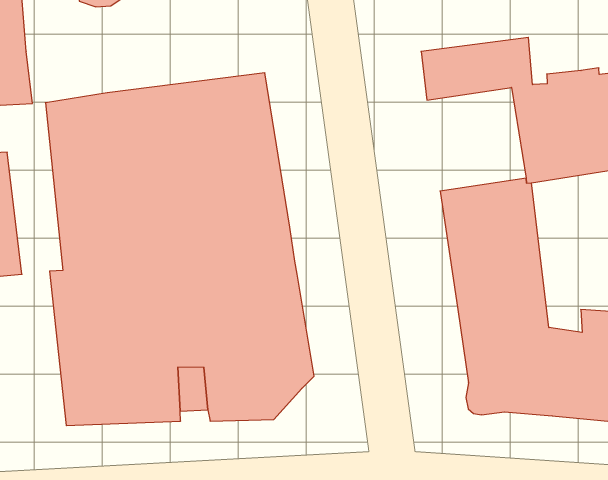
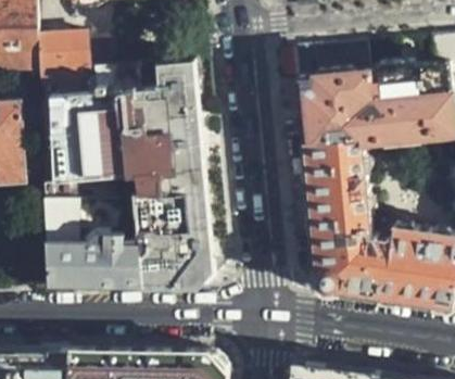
building: none -> [34,34,86,72]
building: none -> [298,78,361,144]

